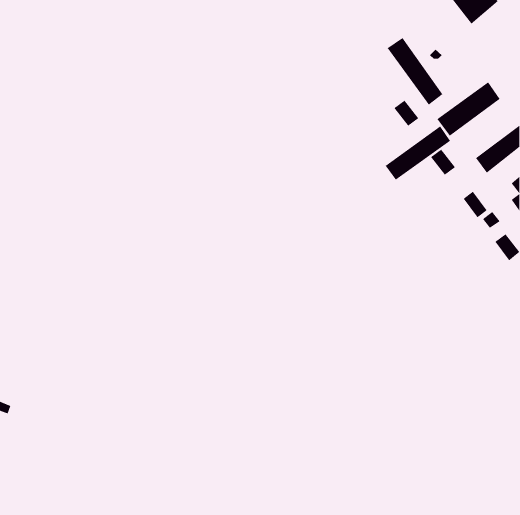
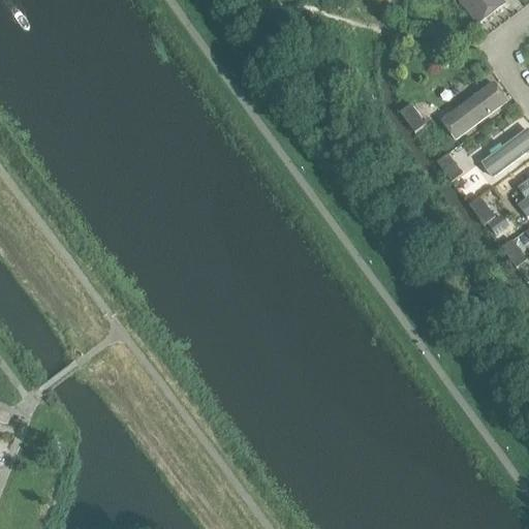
building: [387,37,443,106] -> none
building: [385,125,451,180] -> none

